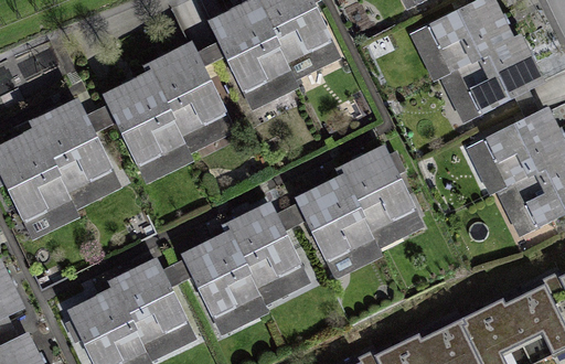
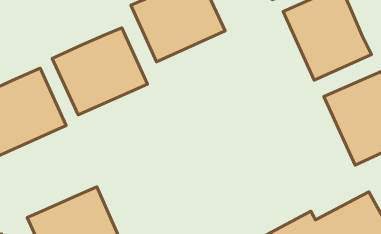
building: [294,148,423,268] -> none
building: [181,210,310,330] -> none

